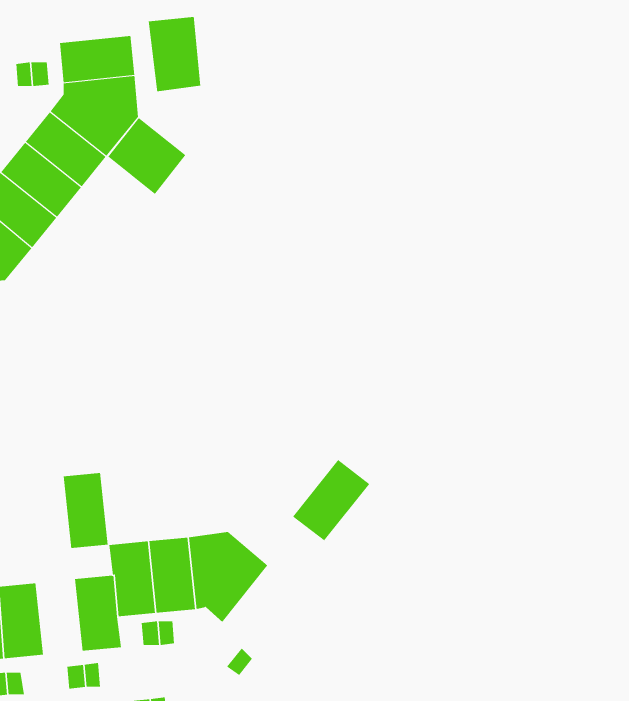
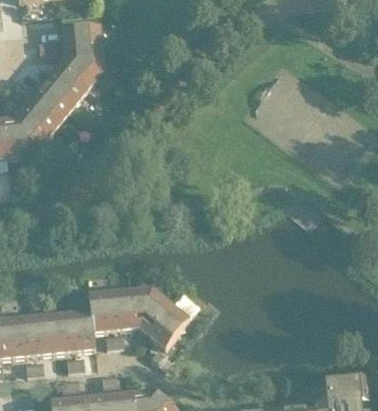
building: [148,16,201,92] -> none
building: [107,117,186,195] -> none
building: [292,459,370,541] -> [148,304,190,347]
building: [63,473,108,549] -> [50,311,74,351]

